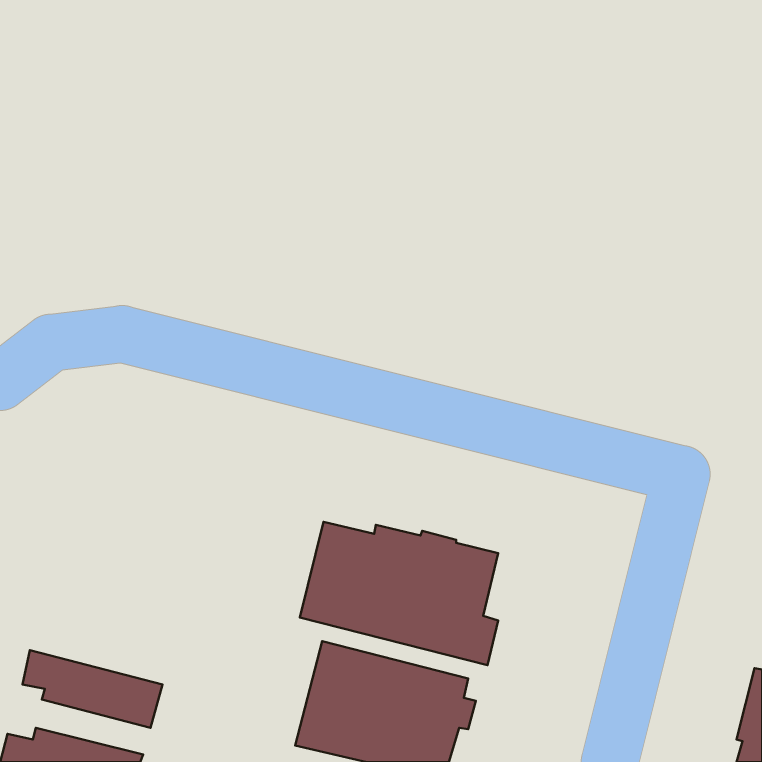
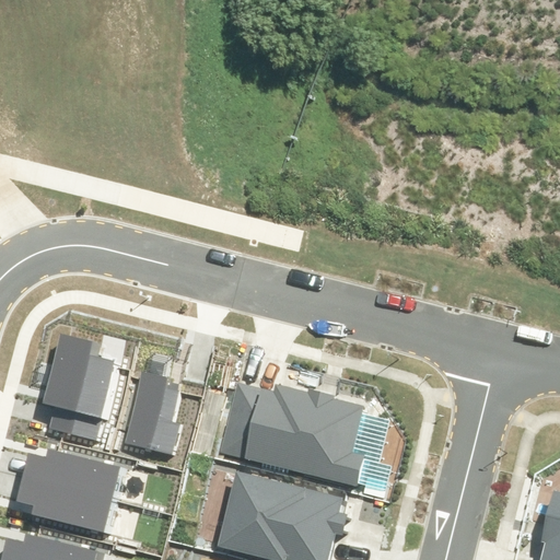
building: none -> [43,331,119,441]
building: none -> [124,371,182,455]
building: none -> [22,450,127,502]

